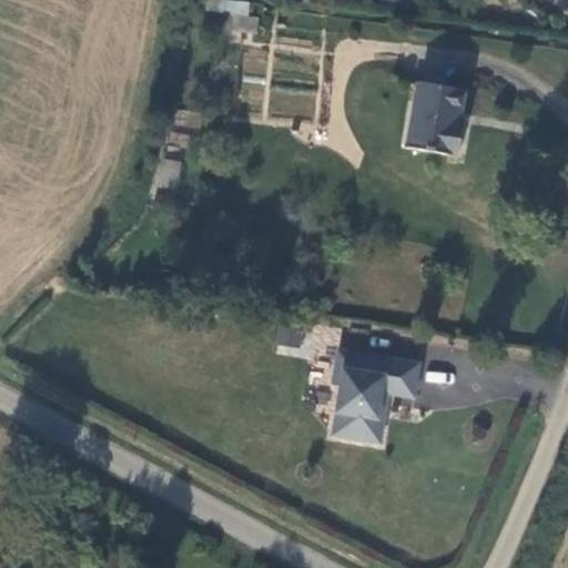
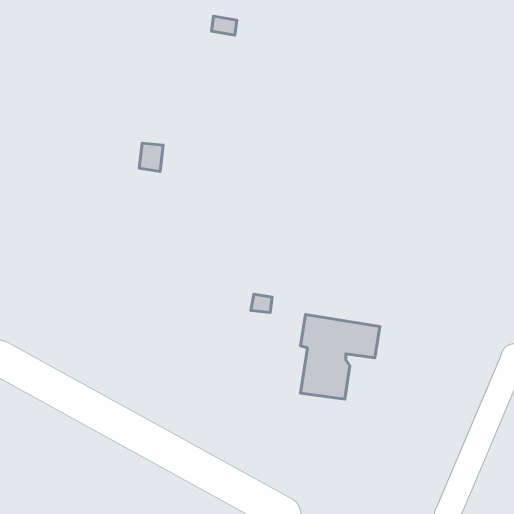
building: [409,83,468,161] -> none

